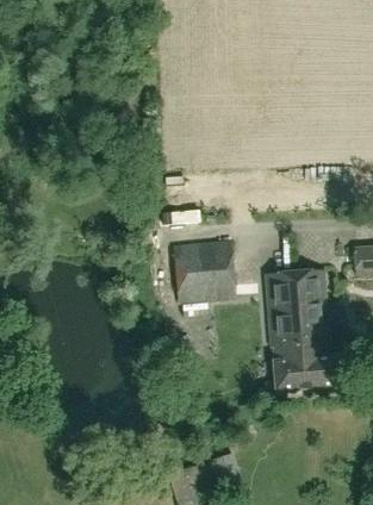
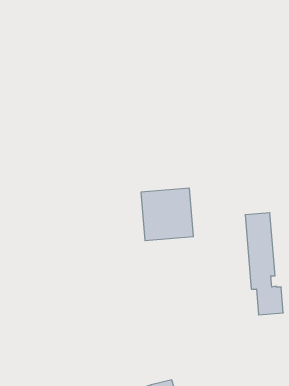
building: [267,272,311,391] -> none

